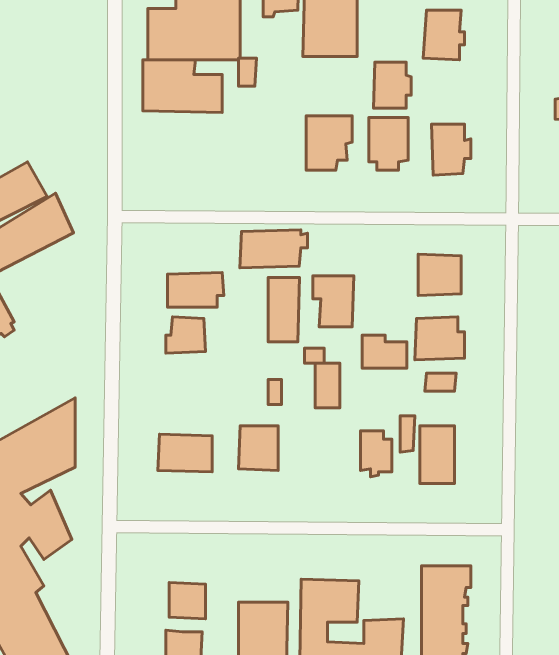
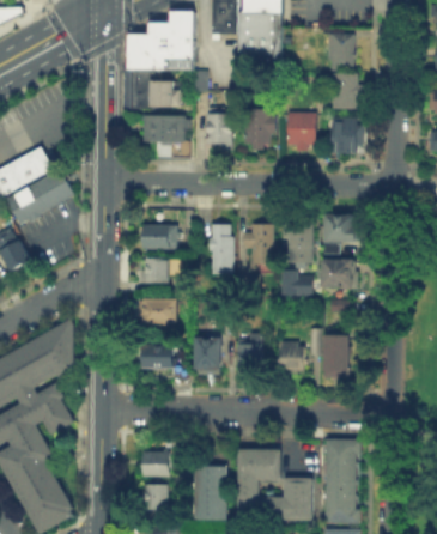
building: [373,62,411,108] -> [334,74,362,108]
building: none -> [205,115,232,146]
building: [240,230,307,268] -> [141,116,190,144]
building: none -> [293,229,315,265]
building: [315,363,340,408] -> [242,338,260,370]
building: none -> [140,297,176,324]

